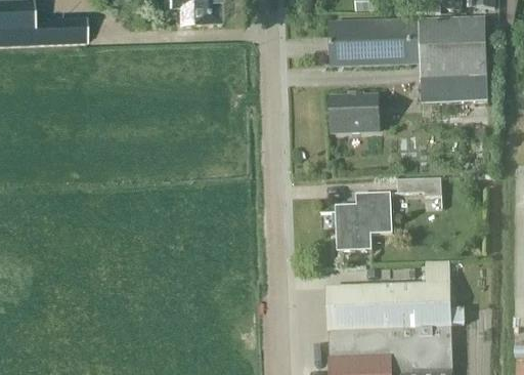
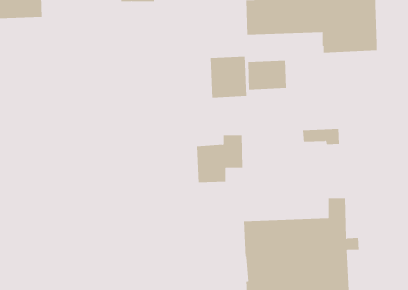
building: [421,83,486,102] -> none
building: none -> [210,56,247,98]
building: [335,192,391,249] -> [196,135,243,183]

